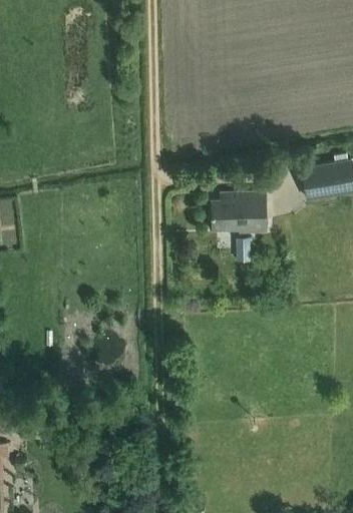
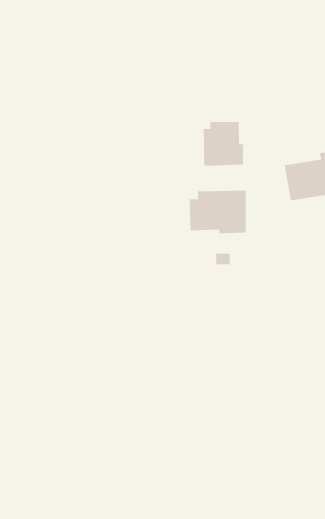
building: none -> [203,121,243,167]

